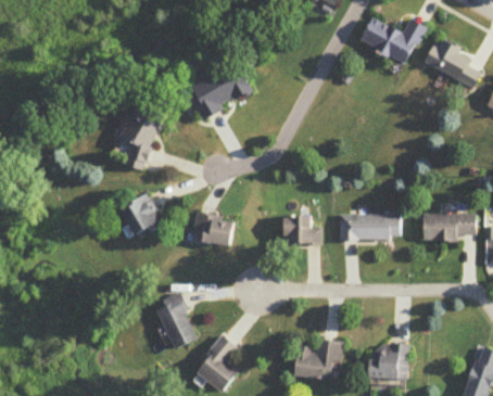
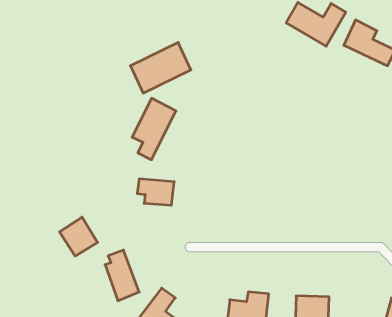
building: [118,103,167,171] -> [132,98,176,160]
building: [122,195,164,239] -> [60,217,98,256]
building: [420,208,473,233] -> none
building: [334,210,399,233] -> none
building: [278,213,314,241] -> none

